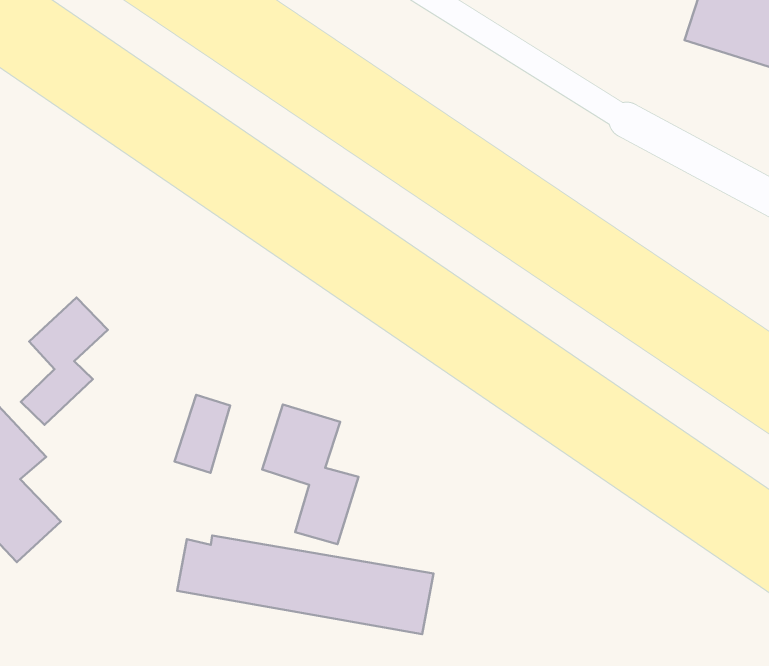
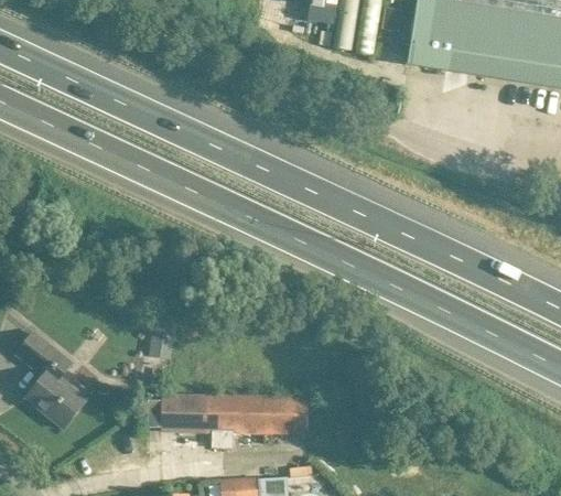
building: [21,297,108,425] -> none
building: [262,404,359,544] -> none

